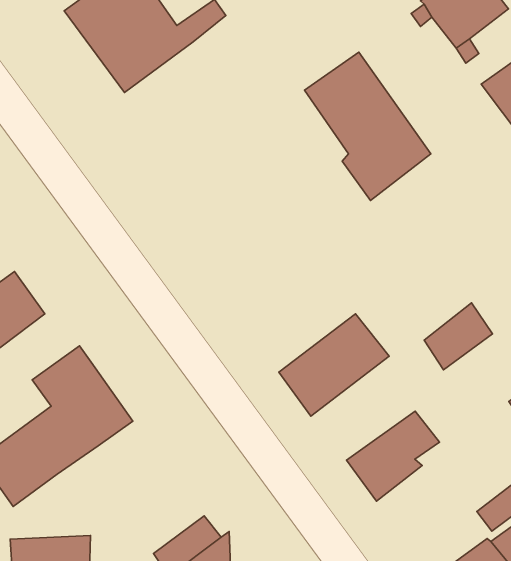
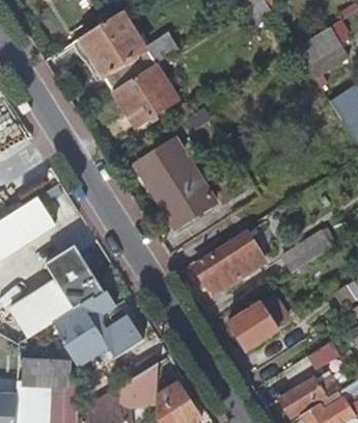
building: none -> [112,63,177,127]
building: [305,52,431,201] -> [139,138,213,229]
building: none -> [56,290,142,365]

